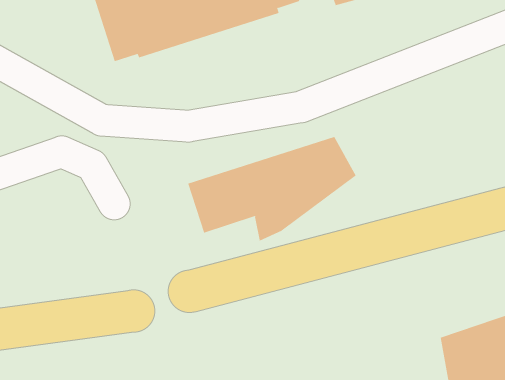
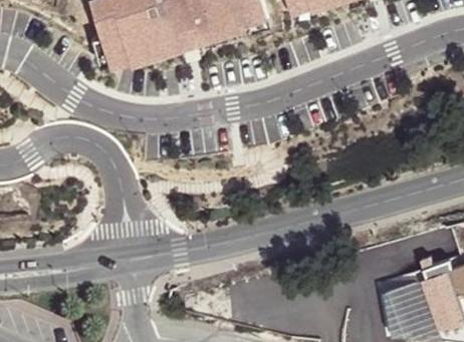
building: [188,136,357,242] -> none

